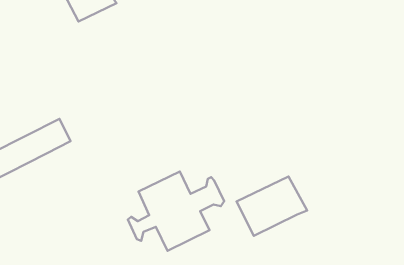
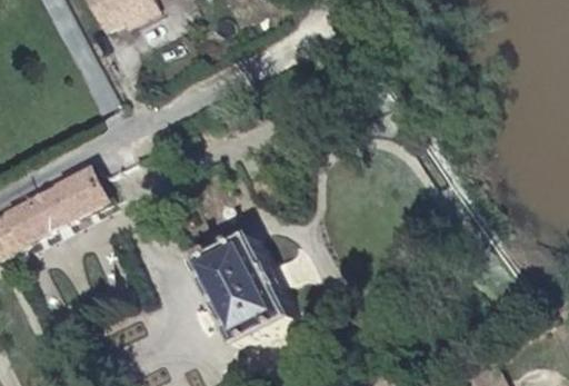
building: [236,176,307,236] -> none

